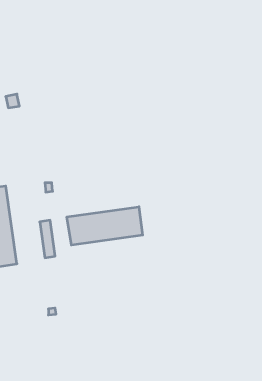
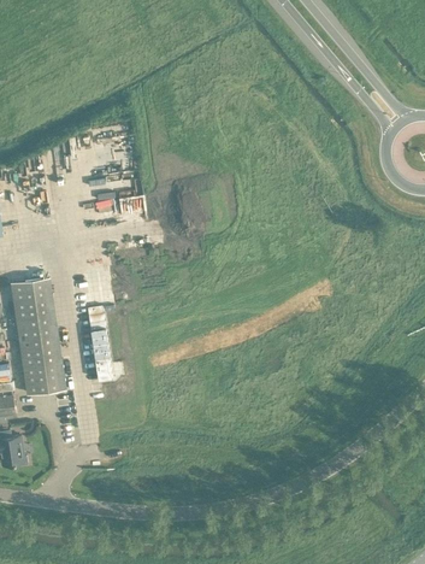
building: [67,207,143,245] -> none

